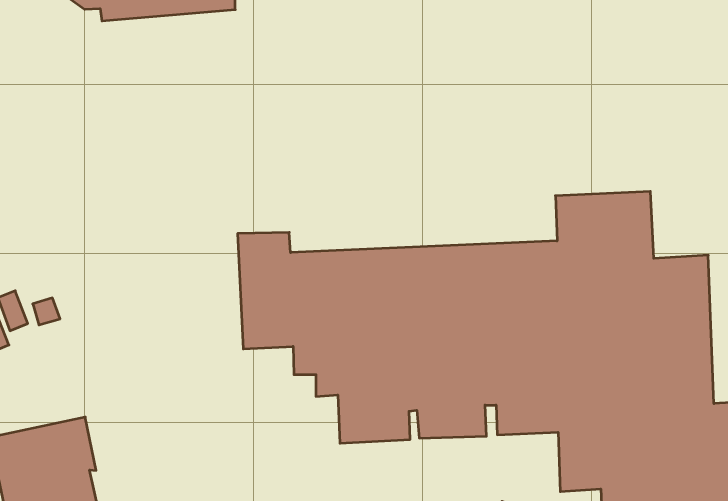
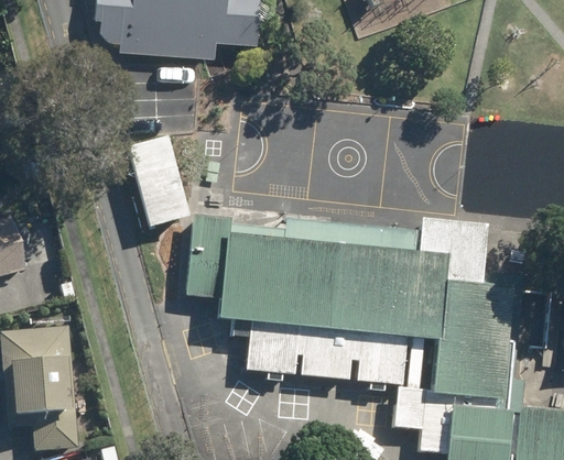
building: none -> [128,132,189,223]

